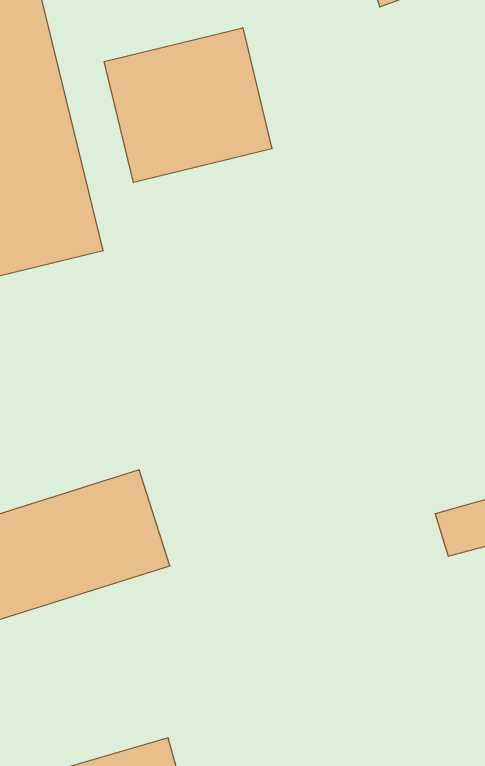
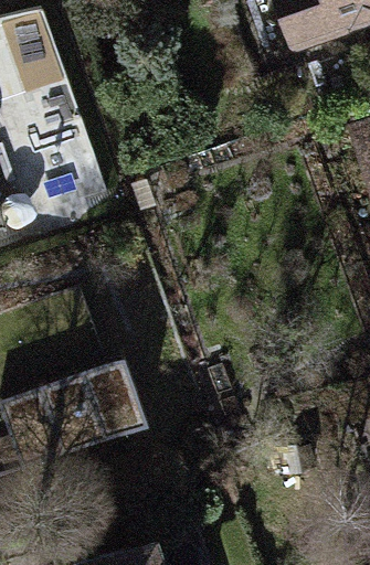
building: [104,28,272,183] -> none

